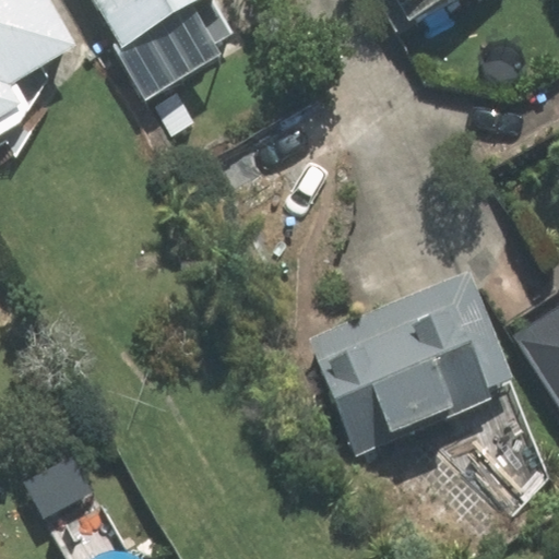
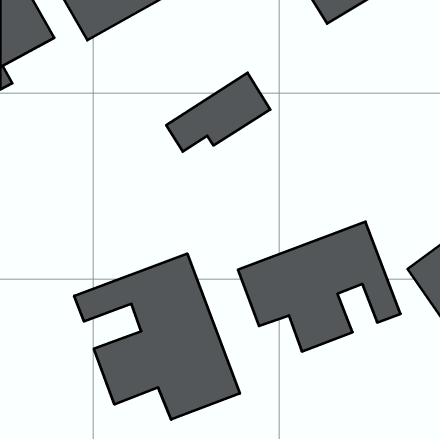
building: none -> [74,254,240,420]

